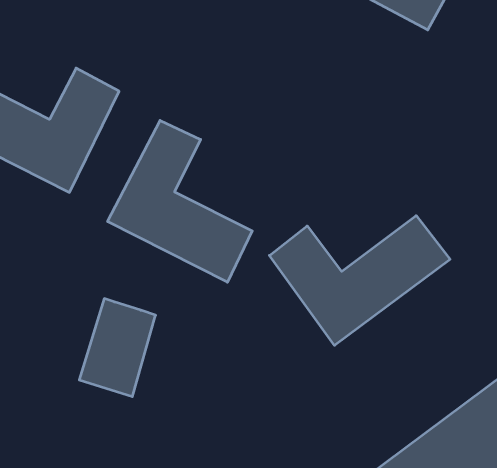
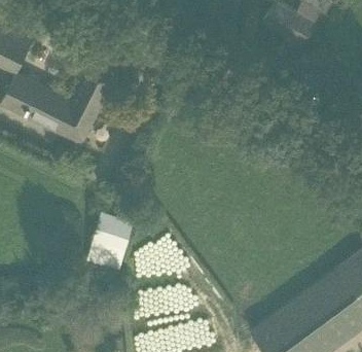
building: [108,120,252,282] -> none
building: [269,216,450,345] -> none

